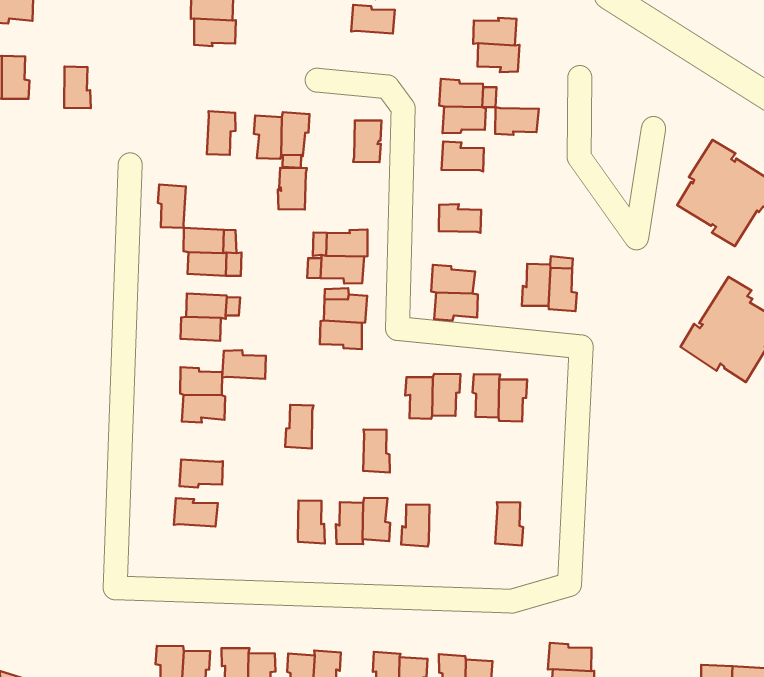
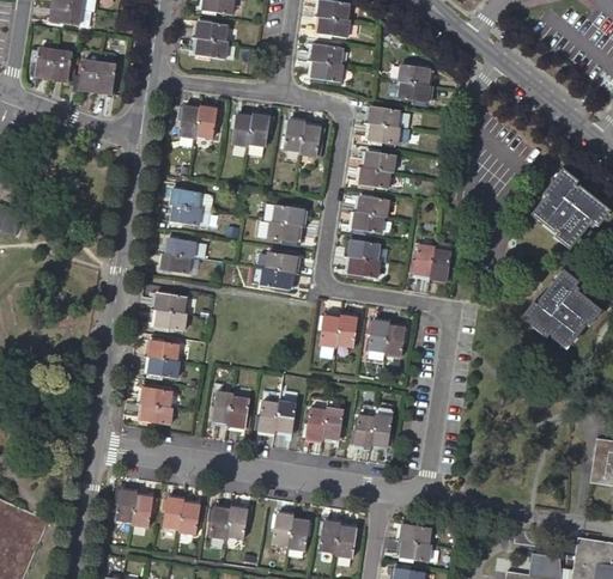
building: none -> [310,61,344,83]
building: none -> [77,60,99,92]
building: [495,107,539,135] -> [358,167,392,189]
building: [278,168,307,210] -> [283,120,306,152]
building: [158,185,186,228] -> [178,106,200,140]
building: none -> [351,212,384,233]
building: [222,350,266,379] -> [147,337,181,361]
building: [285,405,313,449] -> [210,390,233,423]
building: [363,429,390,473] -> [323,407,344,440]
building: none -> [352,415,376,447]
building: none -> [140,403,174,425]

